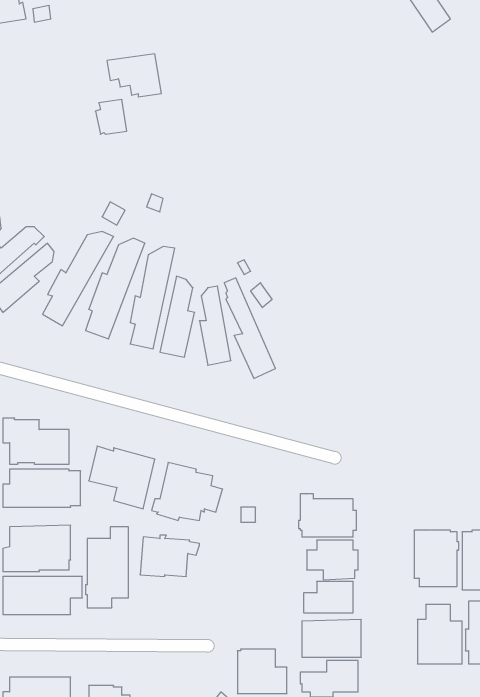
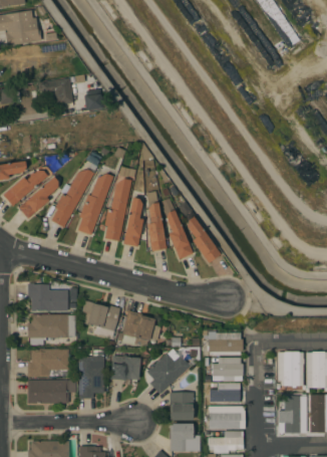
building: [107,54,161,97] -> [40,78,73,104]
building: none -> [187,217,221,263]
building: none -> [146,350,190,394]
building: none -> [170,393,194,420]

